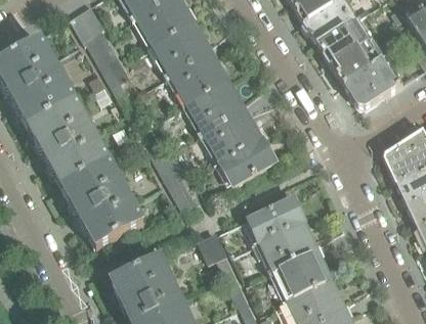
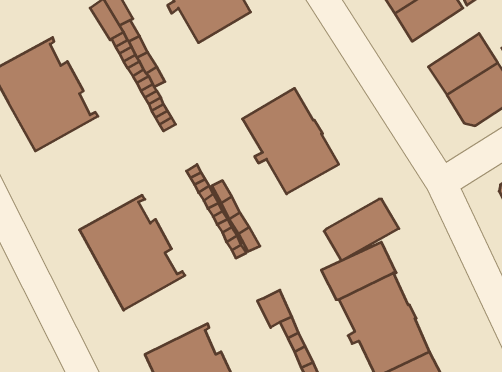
building: [316,15,368,60] -> none
building: [153,18,226,100] -> none
building: [28,98,110,185] -> none
building: [218,135,275,182] -> [324,199,399,261]

